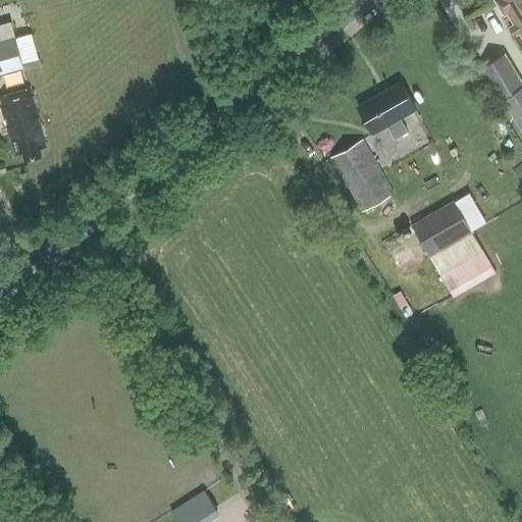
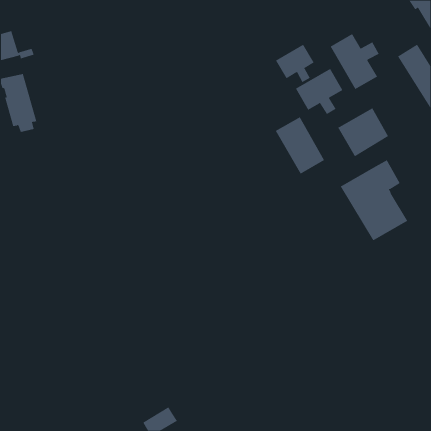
building: none -> [330,33,380,90]
building: none -> [275,44,314,83]
building: none -> [338,107,389,157]

